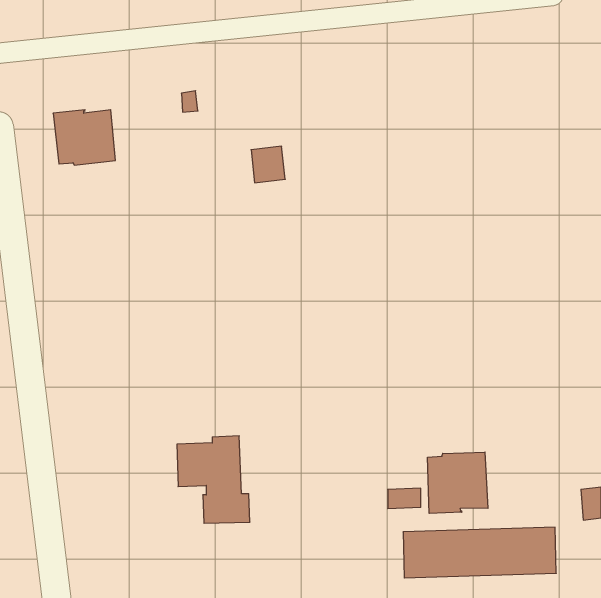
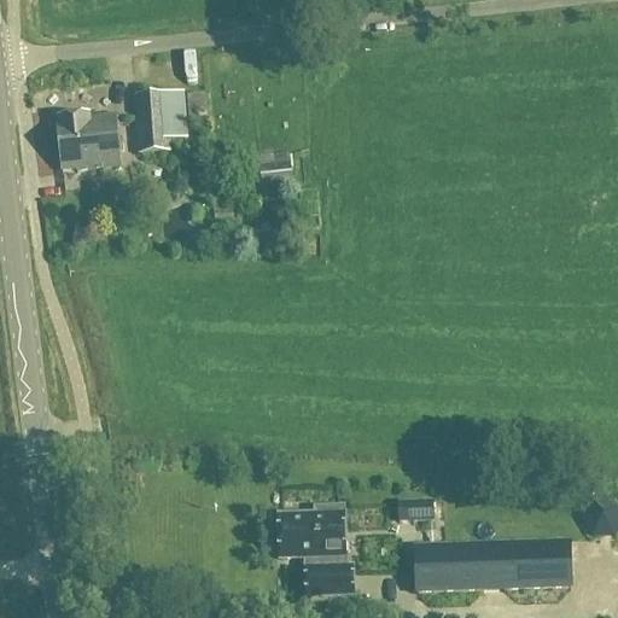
building: none -> [134,89,185,152]
building: [177,436,250,523] -> [278,505,352,594]
building: [428,452,488,513] -> none

